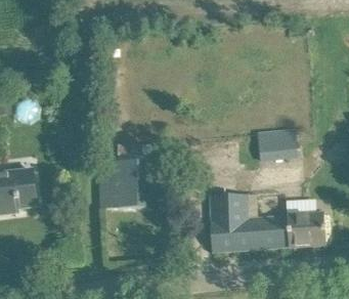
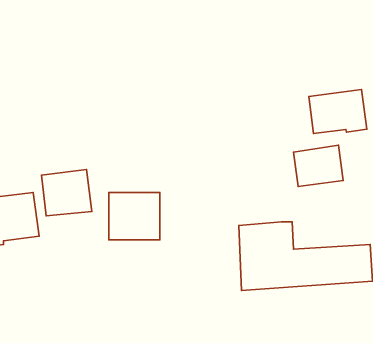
building: none -> [309,89,367,133]
building: none -> [41,169,92,216]

